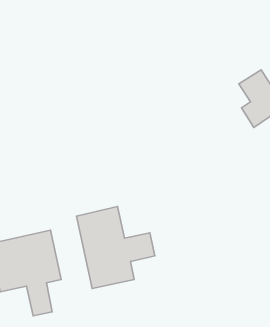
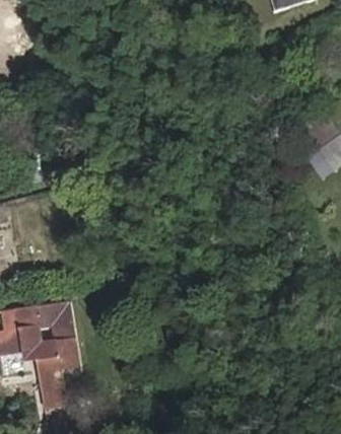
building: [77,206,155,289] -> none

